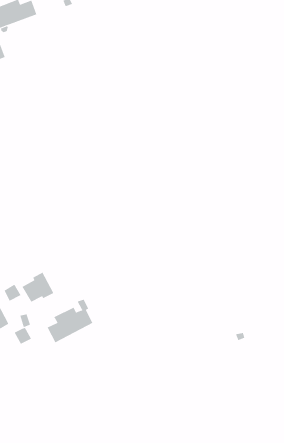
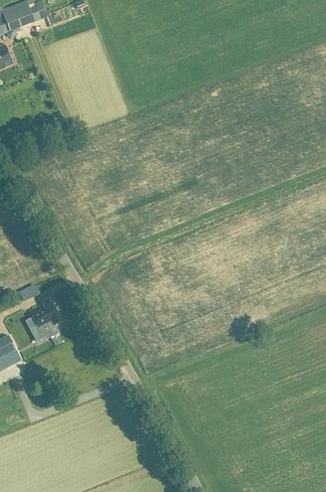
building: [47,299,93,343] -> none

